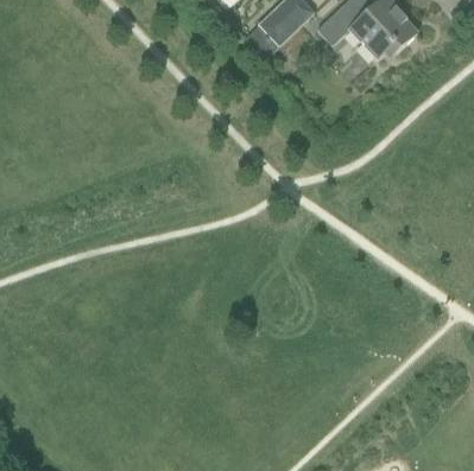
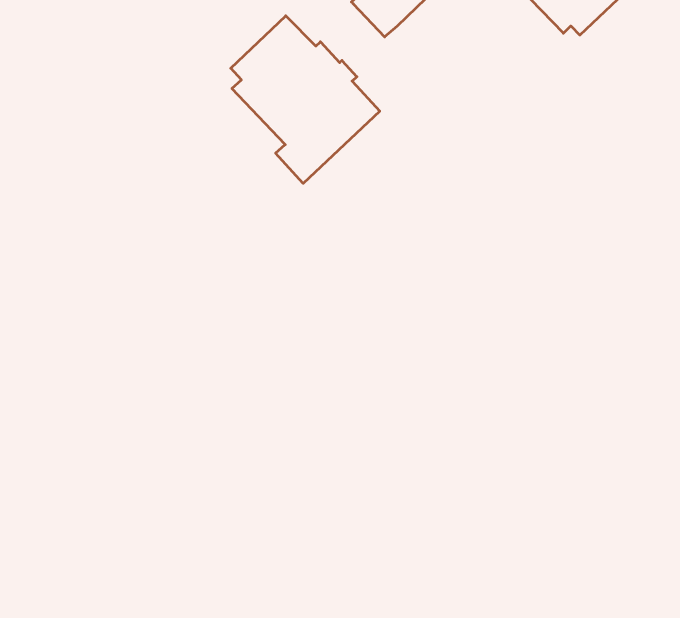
building: none -> [231,16,380,183]

